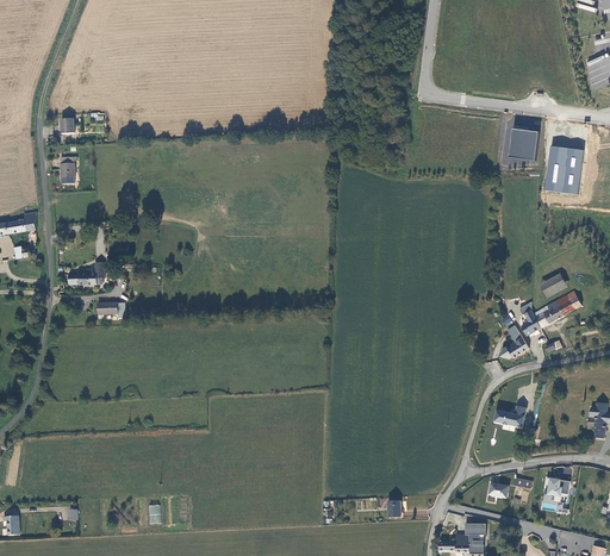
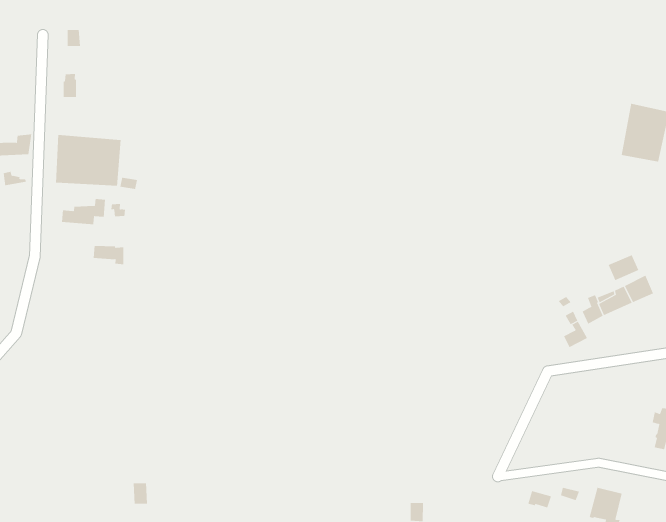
building: [509,126,537,158] -> none
building: none -> [56,134,121,186]
building: [493,402,527,429] -> none

